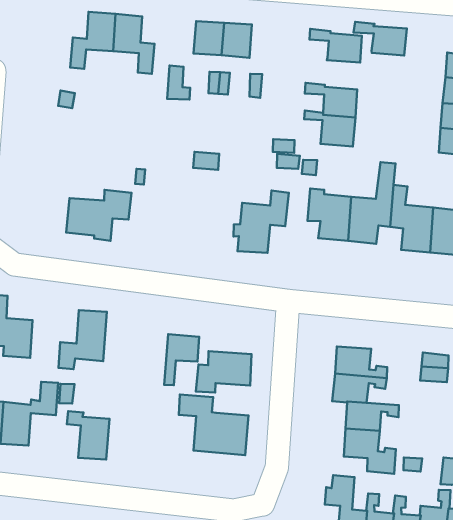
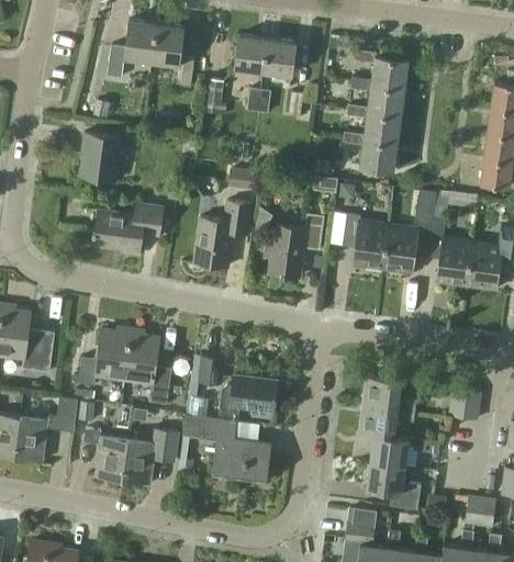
building: [354,22,407,55] -> [350,77,405,114]
building: none -> [81,133,122,180]
building: none -> [194,201,252,267]
building: none -> [125,328,177,403]
building: none -> [123,428,179,484]

